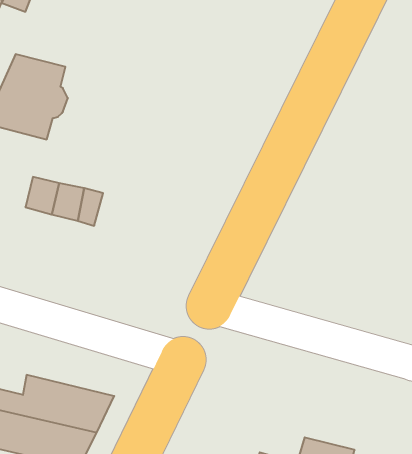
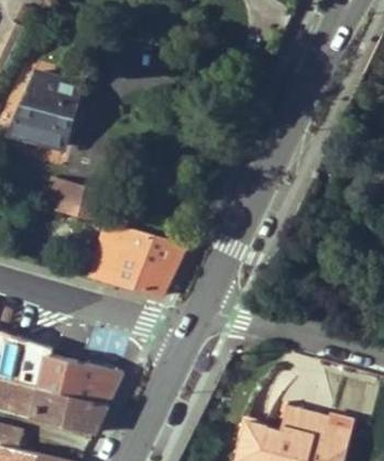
building: none -> [90,223,185,296]

